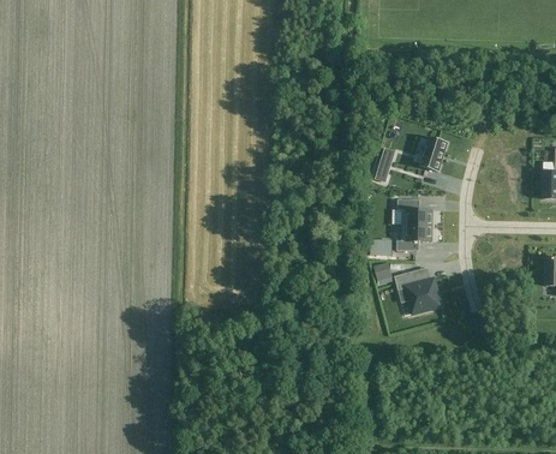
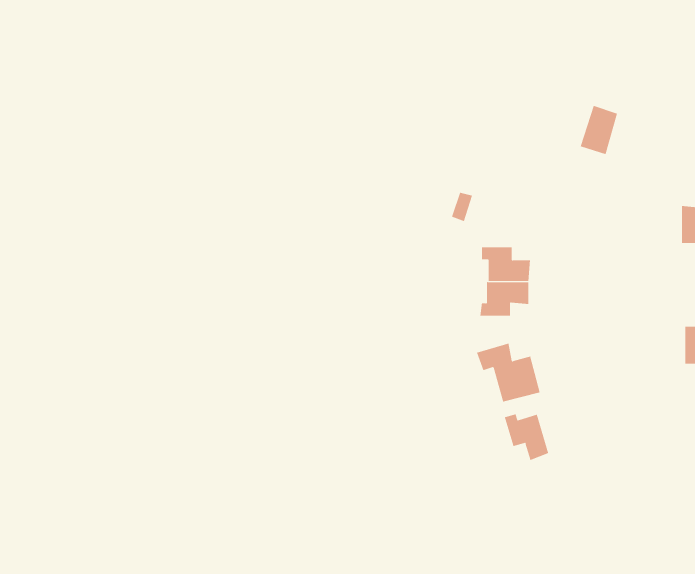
building: [419,133,447,169] -> [580,105,618,155]
building: none -> [504,413,549,461]

